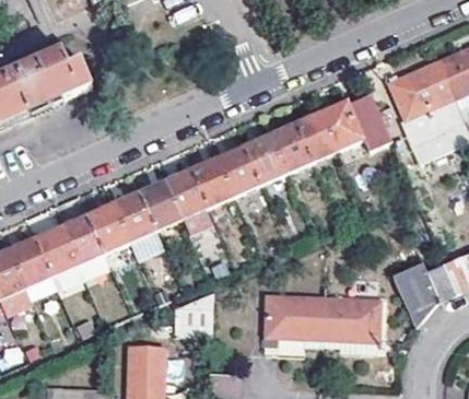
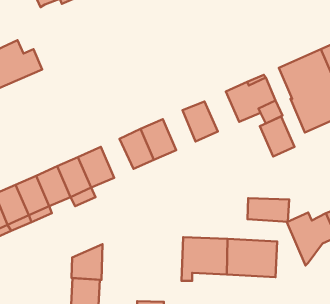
building: [293,114,336,163] -> [260,117,294,156]
building: [242,137,282,186] -> none
building: [165,172,206,220] -> none
building: none -> [248,198,289,222]
building: [174,291,212,335] -> [71,244,102,280]

